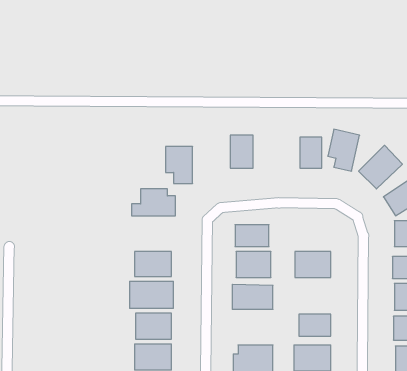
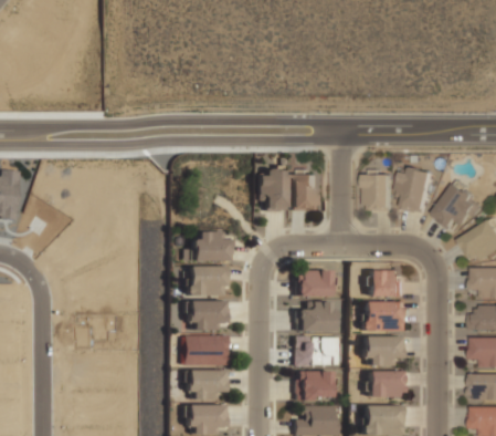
building: [166,147,193,183] -> [257,170,287,211]
building: none -> [186,267,226,297]
building: none -> [369,271,403,297]
building: none -> [363,336,403,365]
building: none -> [296,372,336,399]

